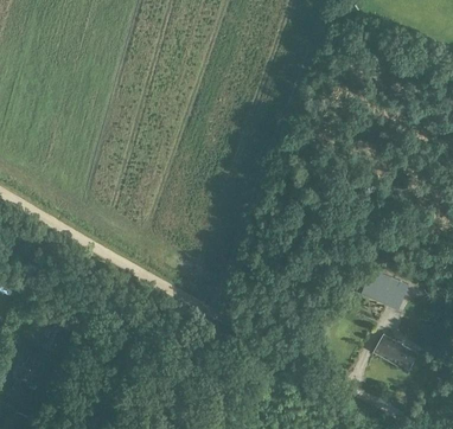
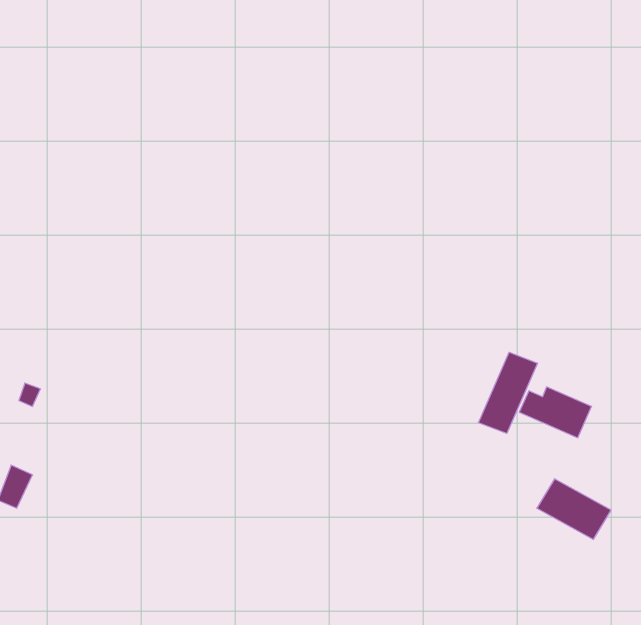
building: none -> [478,352,537,433]

